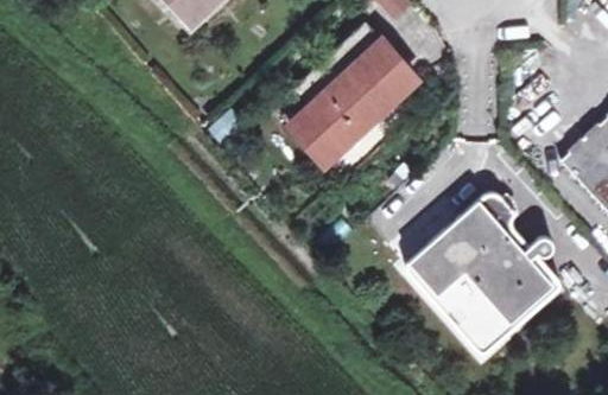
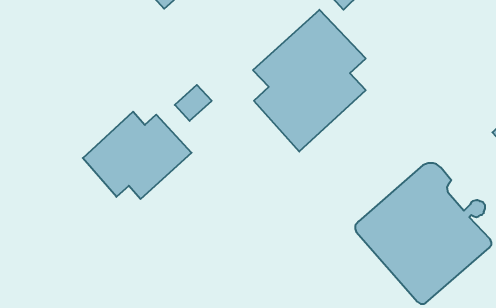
building: none -> [83,112,192,199]

